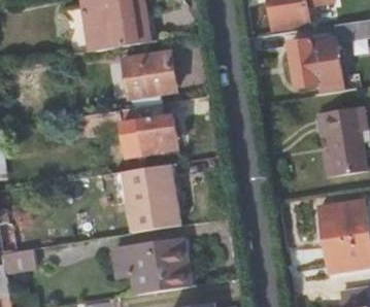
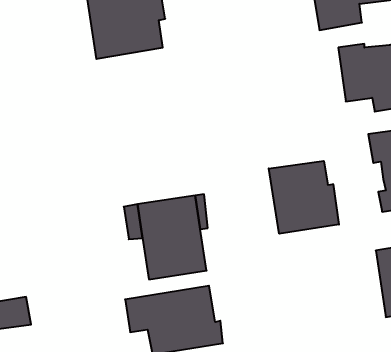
building: [124,50,177,98] -> none
building: [83,103,178,157] -> none
building: none -> [269,161,339,234]

